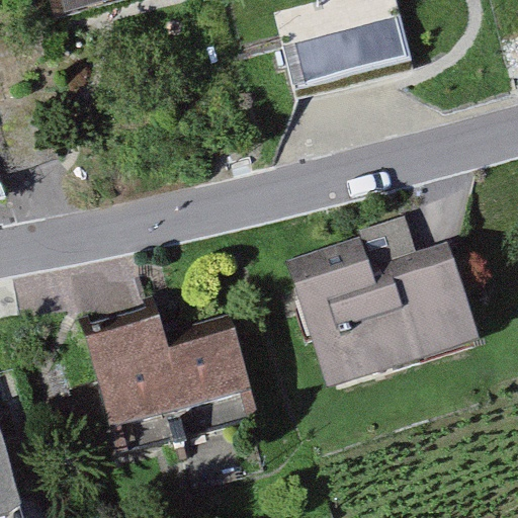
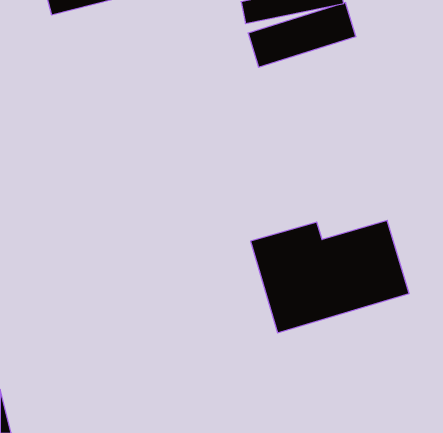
building: [86,310,247,421] -> none

